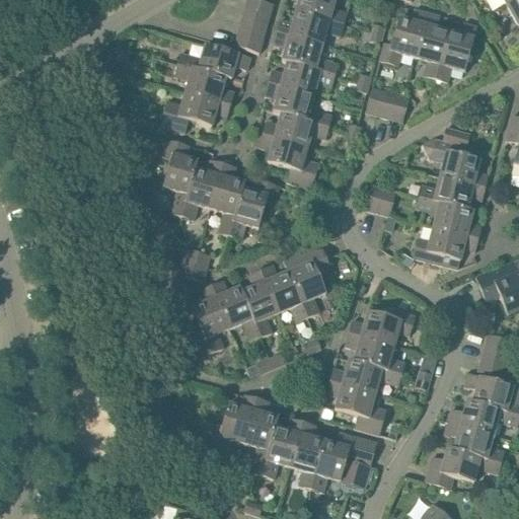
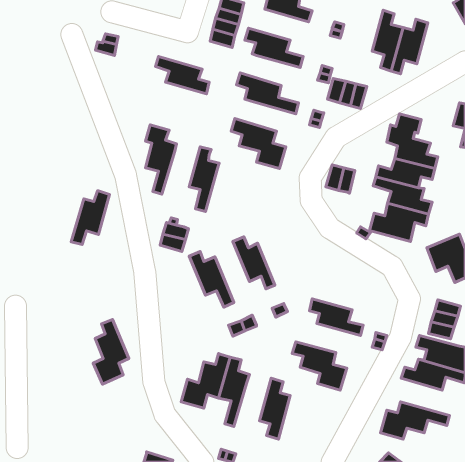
building: [380,8,427,64] -> none
building: [277,10,344,45] -> none
building: [176,44,249,78] -> none
building: [268,62,335,95] -> none
building: [159,91,230,132] -> none
building: [262,113,329,146] -> none
building: [180,159,223,219] -> [71,191,109,244]
building: [229,178,278,238] -> none
building: [283,243,331,317] -> none
building: [241,269,278,337] -> none
building: [190,285,229,357] -> [93,319,129,384]
building: [348,308,415,345] -> none
building: [329,359,401,392] -> none
building: [261,418,302,478] -> none
building: [444,421,504,462] -> none
building: [310,432,376,492] -> none

